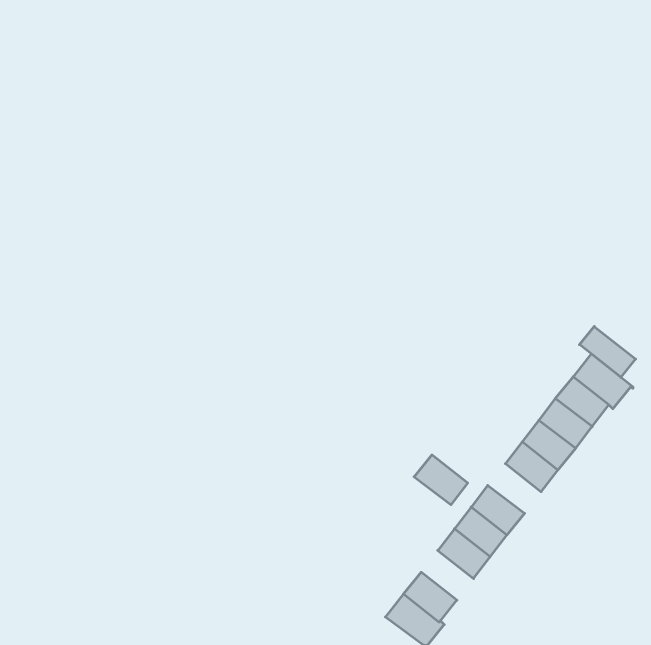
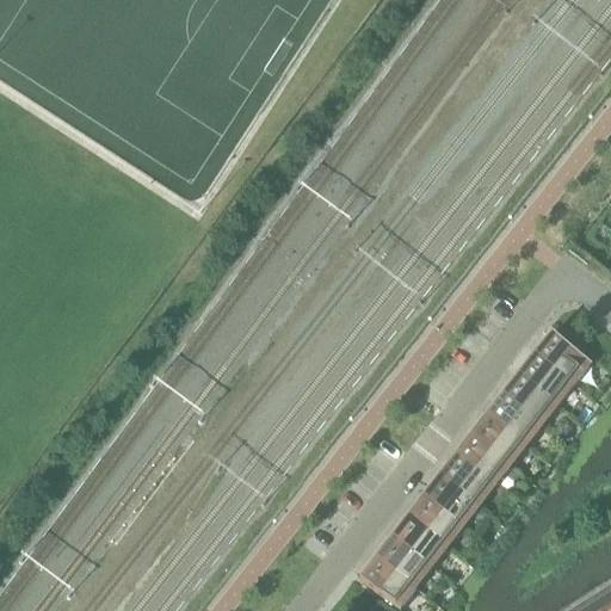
building: [579,326,636,377] -> none
building: [414,455,468,505] -> [456,433,506,480]
building: none -> [394,514,443,561]

